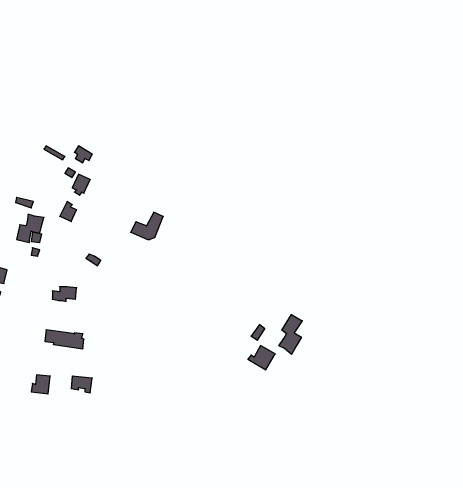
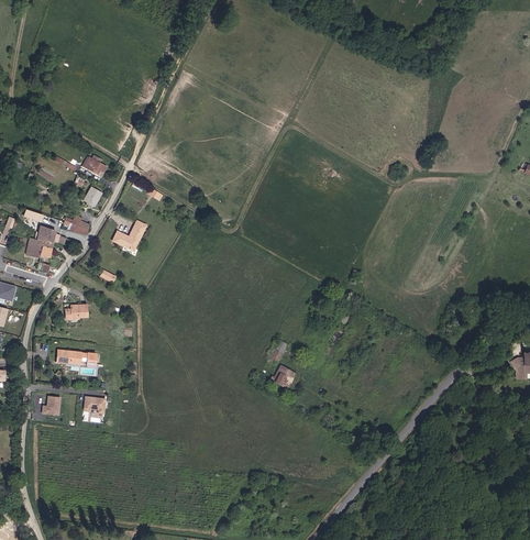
building: [131,212,163,240] -> [111,221,145,250]
building: [279,315,302,354] -> none

